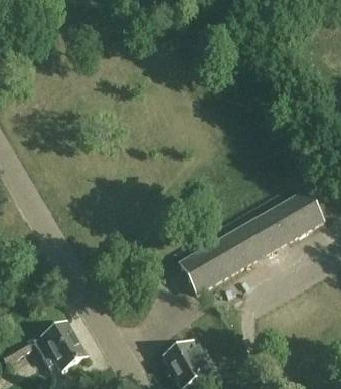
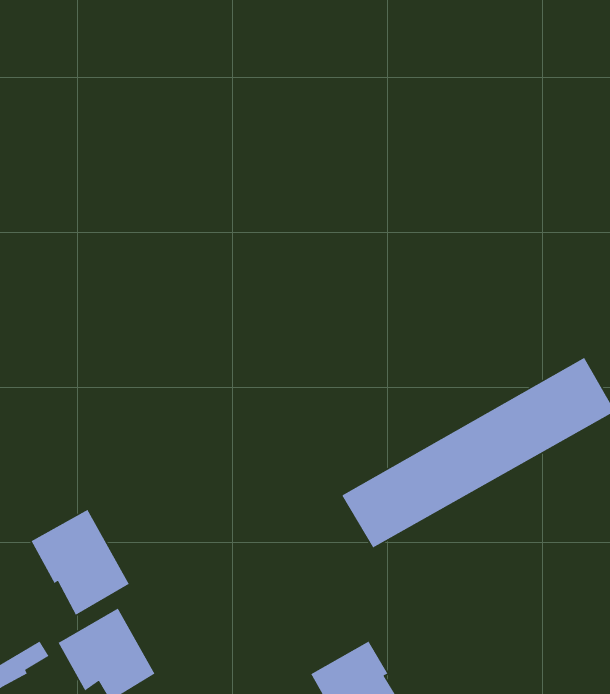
building: none -> [31,509,130,616]

